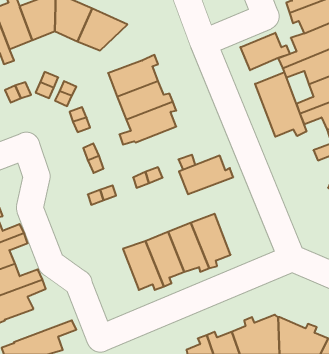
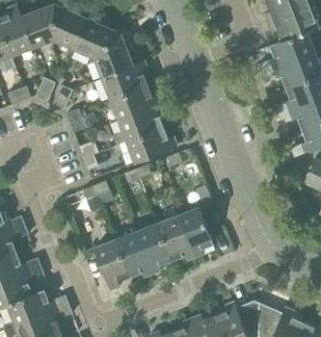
building: none -> [95,33,133,78]
building: [240,33,290,70] -> none
building: [255,72,306,137] -> none
building: [179,156,233,194] -> [127,127,177,162]
building: none -> [93,239,130,290]
building: none -> [7,289,69,325]

